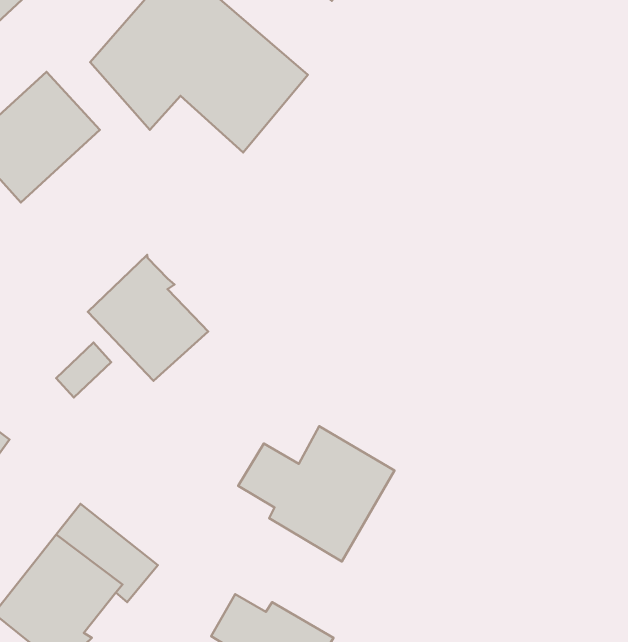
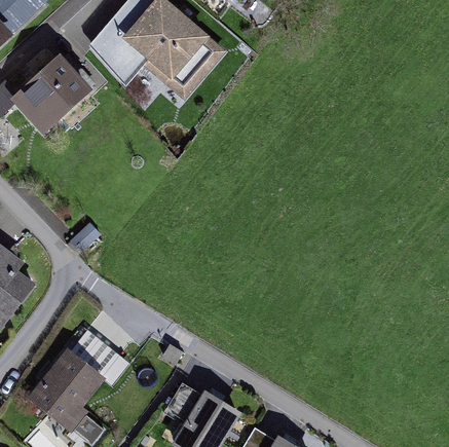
building: [88,255,208,381] -> none
building: [238,426,394,561] -> none

